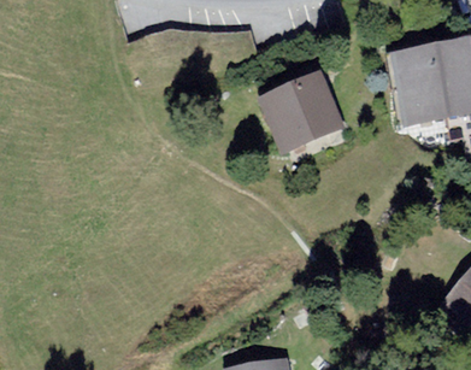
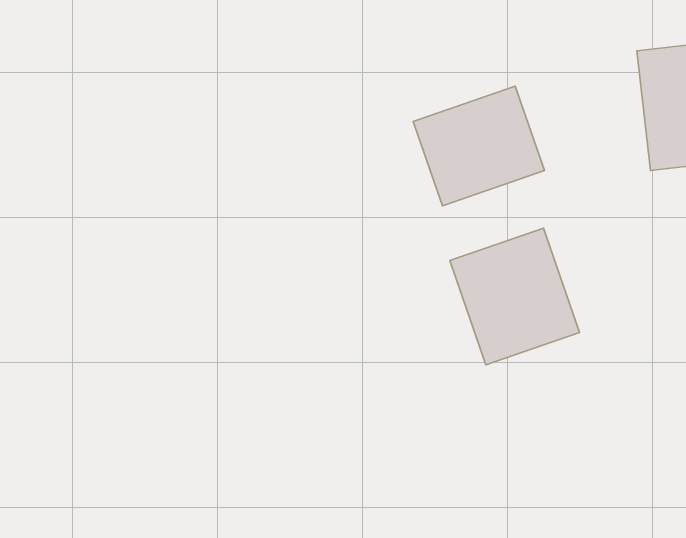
building: none -> [450,228,580,365]

